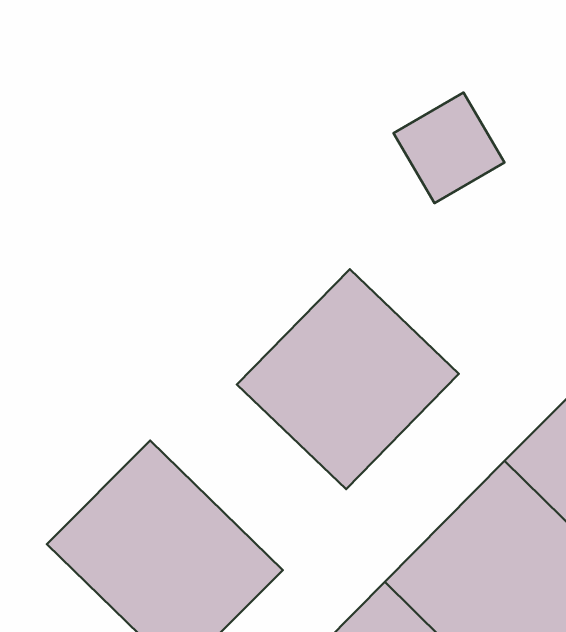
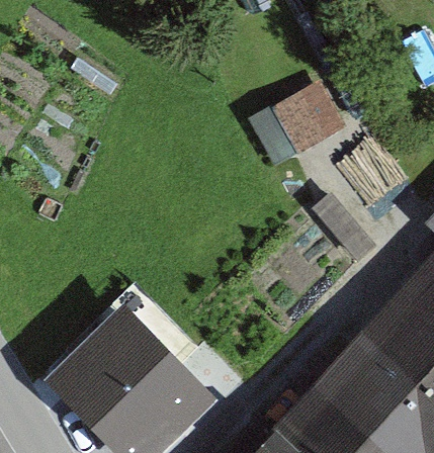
building: [237,269,459,489] -> none

